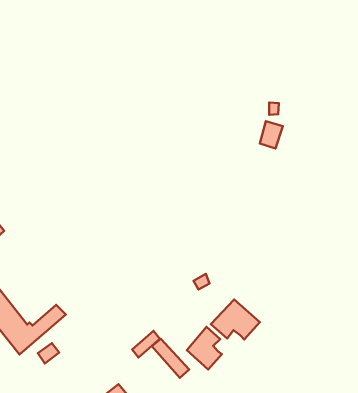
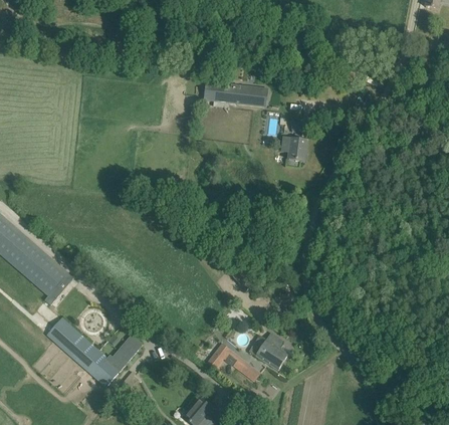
building: none -> [203,76,269,108]
building: [211,300,260,339] -> none

